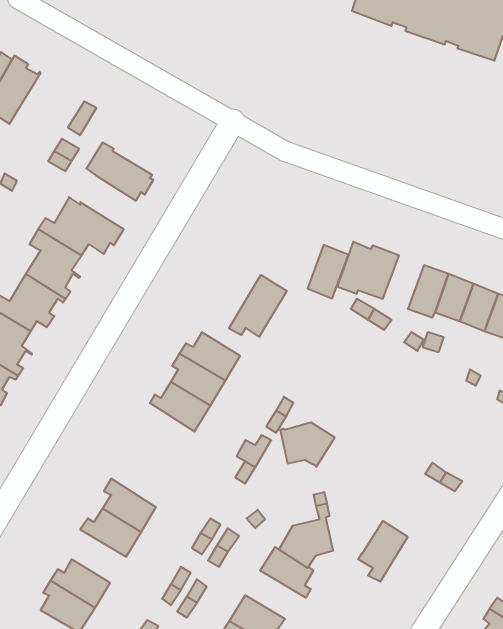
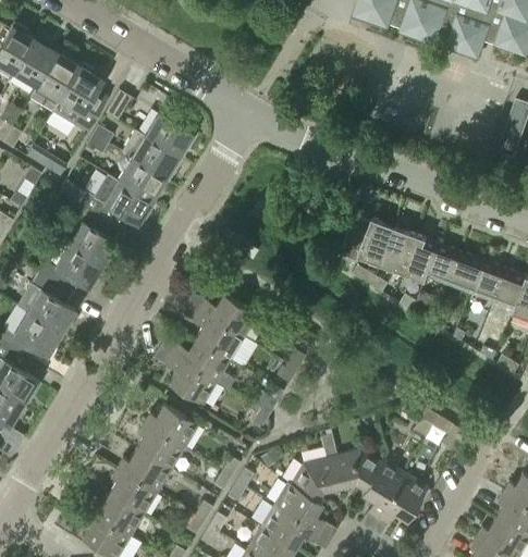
building: none -> [54,67,106,132]
building: none -> [145,115,194,157]
building: none -> [116,158,165,202]
building: [307,245,348,298] -> [382,227,418,274]
building: [229,275,287,337] -> none
building: none -> [169,357,217,405]
building: [280,422,335,467] -> [332,450,380,490]
building: none -> [144,405,197,448]
building: none -> [109,468,157,515]
building: none -> [380,474,426,521]
building: none -> [261,504,315,546]

